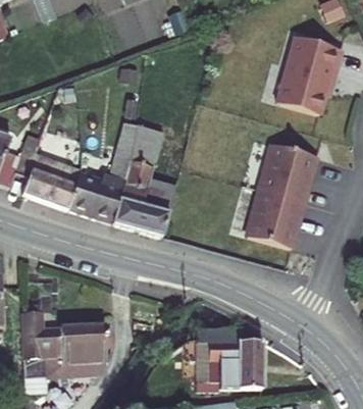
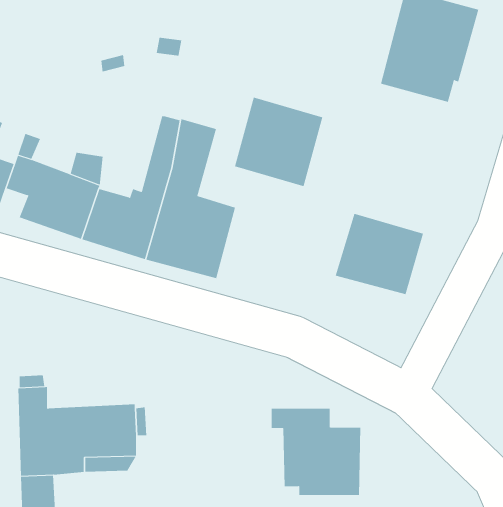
building: [258,141,320,204] -> [234,97,323,187]

